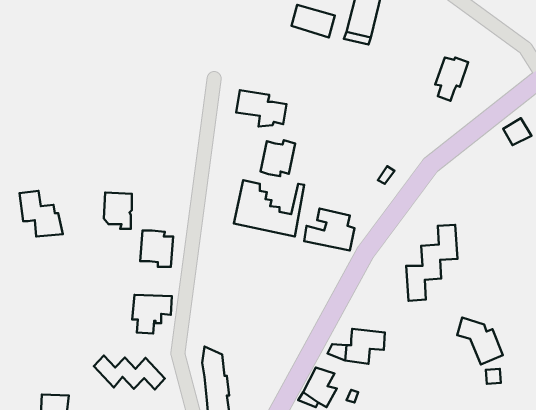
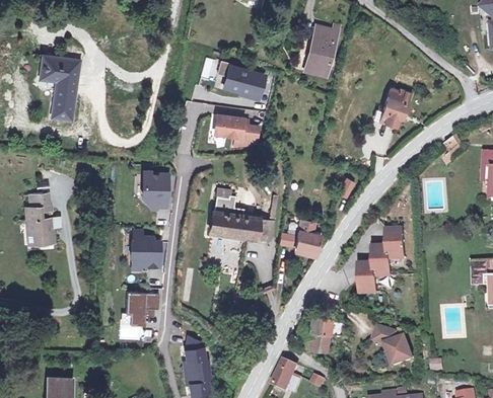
building: [291,5,335,38] -> [222,67,260,95]
building: none -> [39,55,77,118]
building: [260,140,295,176] -> none
building: [104,193,132,229] -> [140,174,164,206]
building: [457,318,503,364] -> [372,323,412,364]
building: [94,355,165,389] -> none

